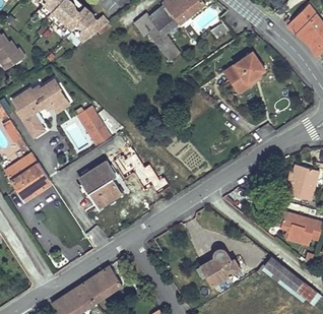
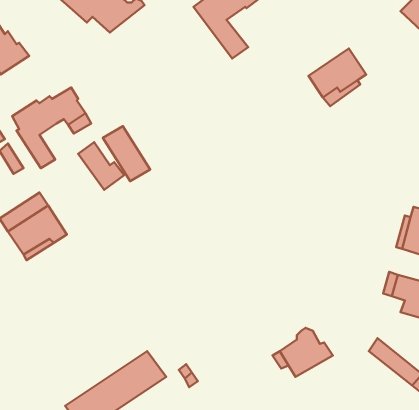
building: [79,162,120,207] -> none

